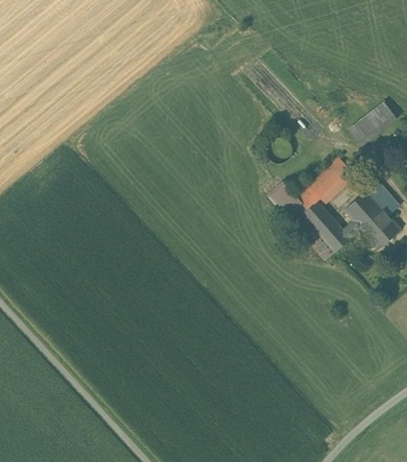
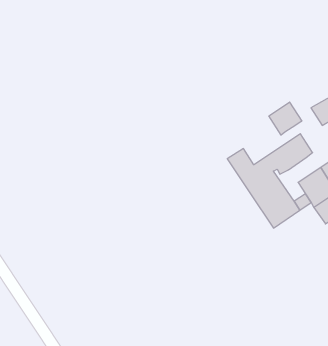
building: none -> [269,102,302,135]

